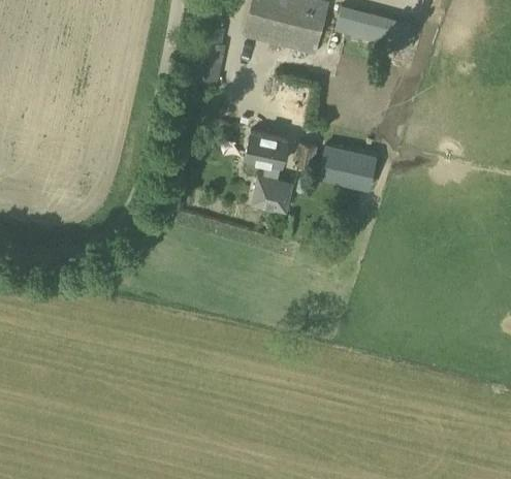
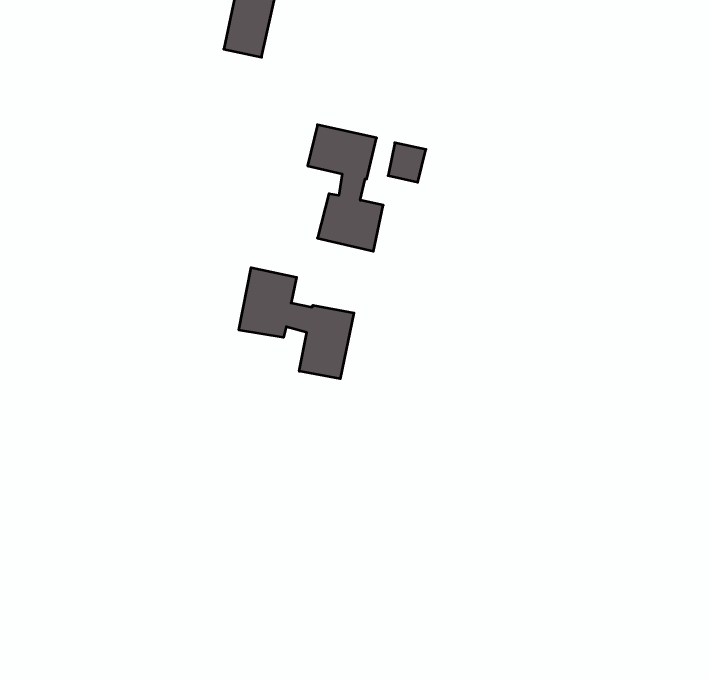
building: [325,150,378,184] -> none
building: none -> [239,268,354,379]

